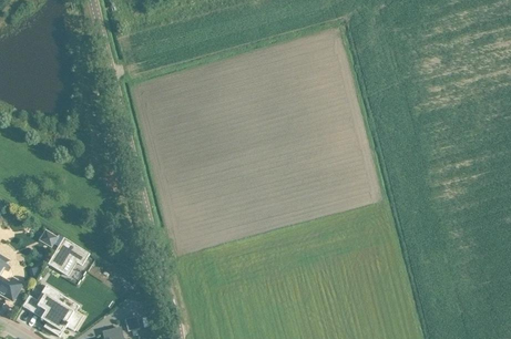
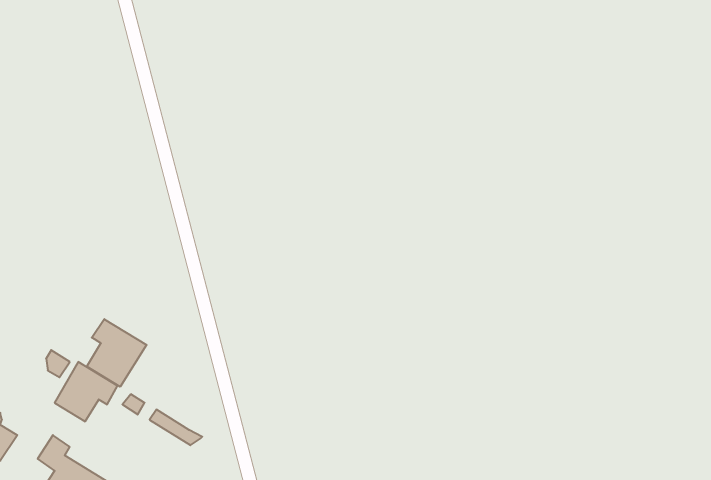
building: none -> [87,319,147,387]

